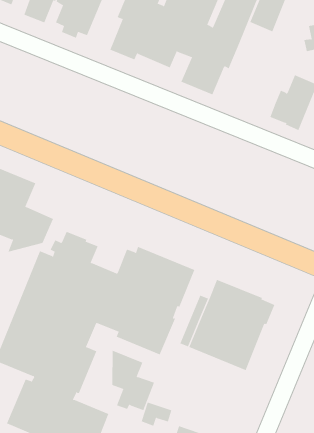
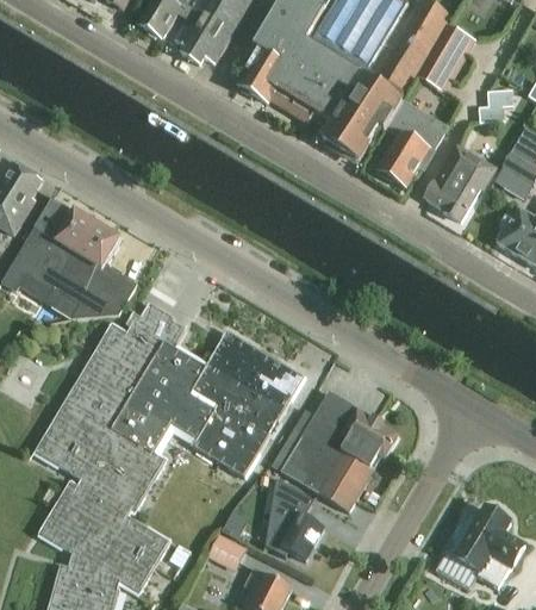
building: none -> [378,100,444,187]
building: [111,350,155,411] -> [269,479,324,561]

